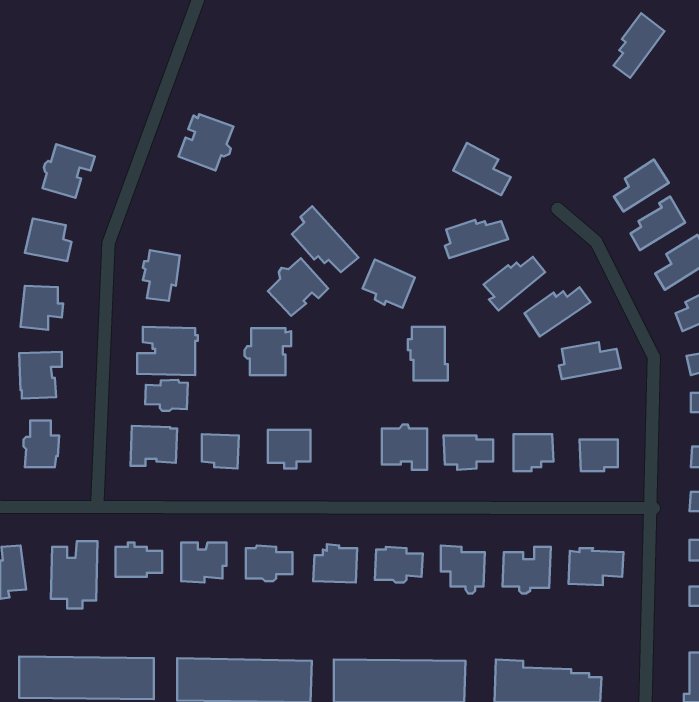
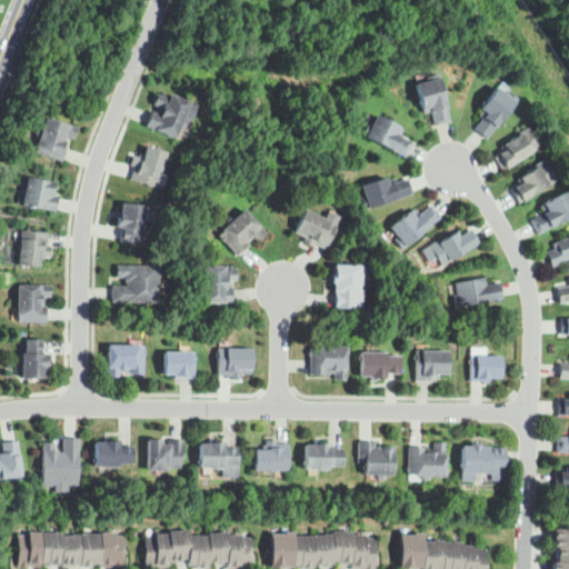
building: [614,13,664,78] -> [477,88,518,140]
building: none -> [416,73,451,126]
building: none -> [131,147,168,189]
building: [292,206,359,272] -> none
building: [145,380,188,411] -> none

